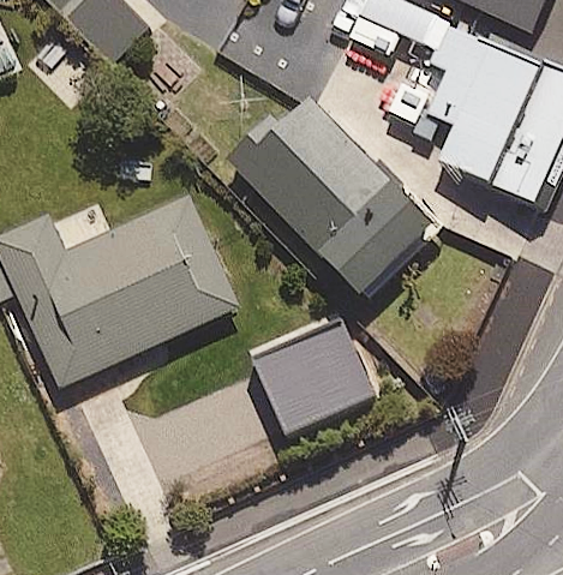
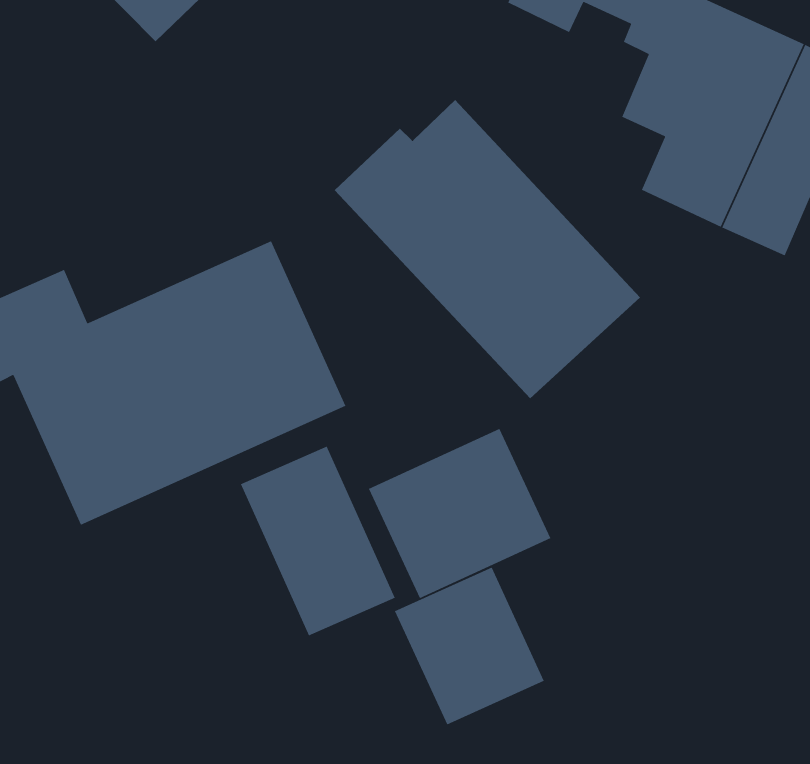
building: none -> [240,445,396,636]
building: none -> [394,566,545,725]

